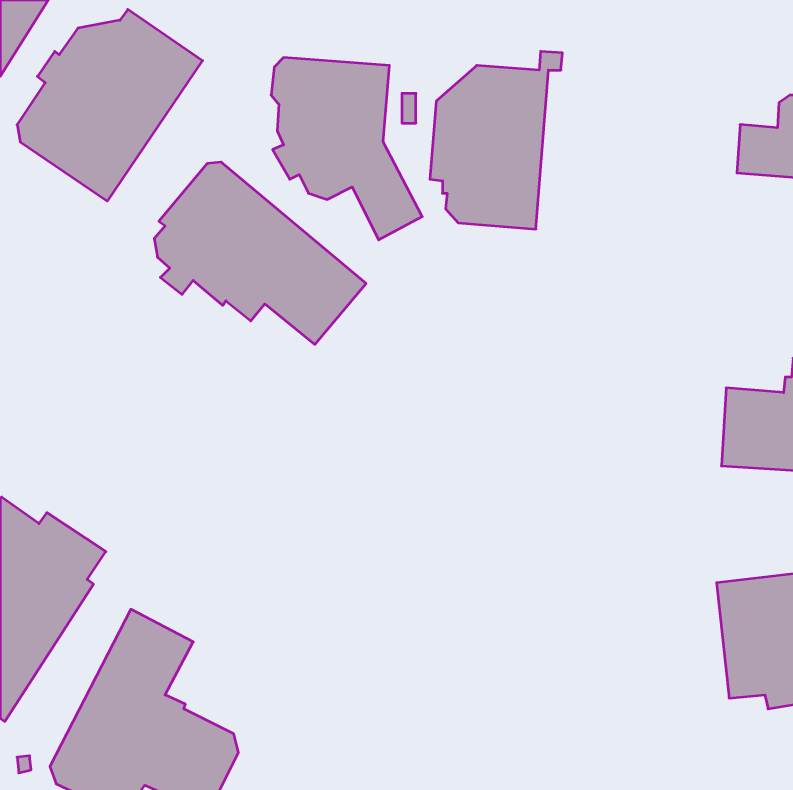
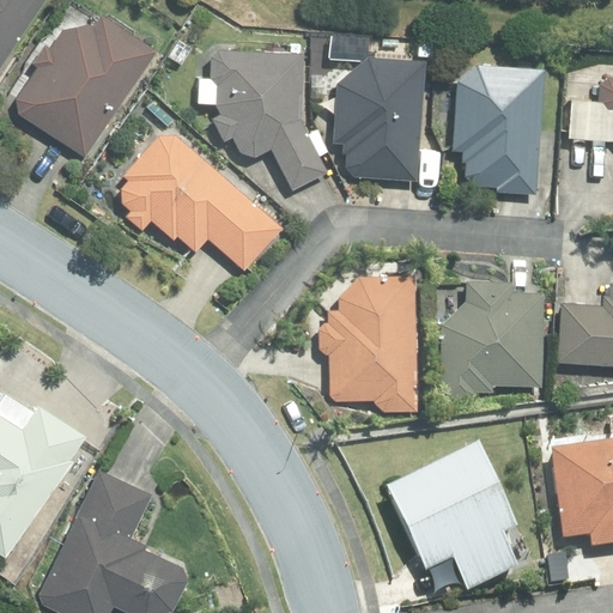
building: none -> [453,63,559,195]
building: none -> [318,274,418,409]
building: none -> [439,280,541,400]
building: none -> [389,447,515,589]

